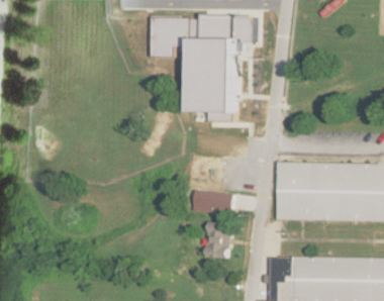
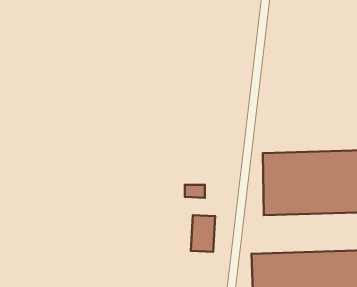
building: [148,15,255,121] -> none

